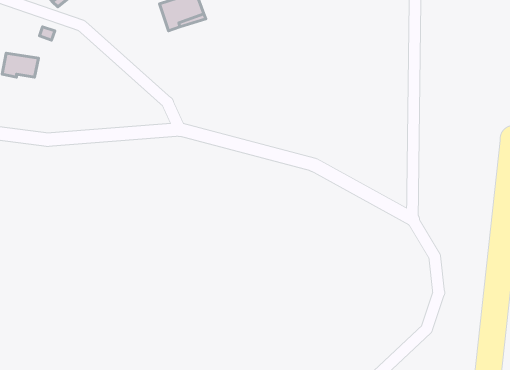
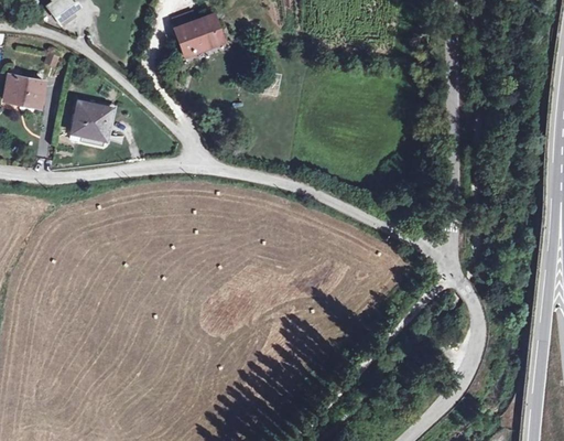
building: none -> [69,107,109,143]

